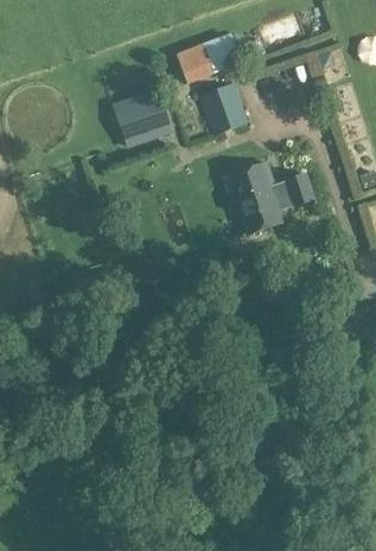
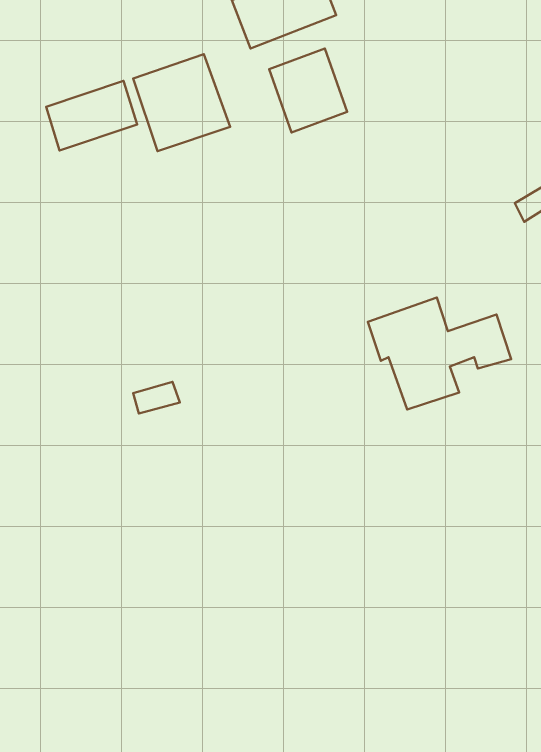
building: none -> [46,81,137,150]
building: [224,161,316,232] -> [368,298,511,409]

